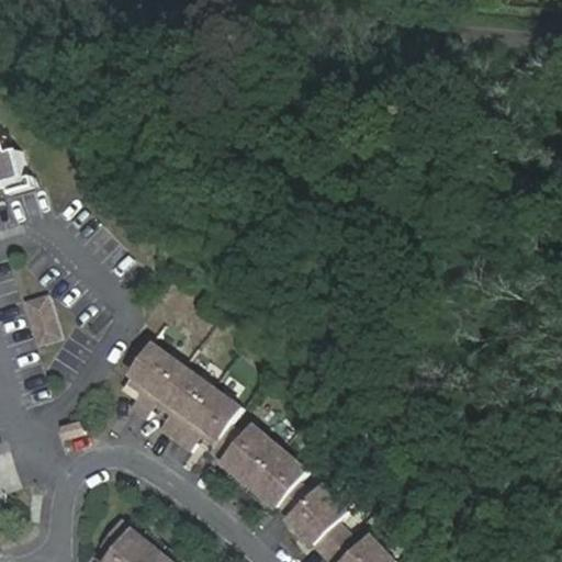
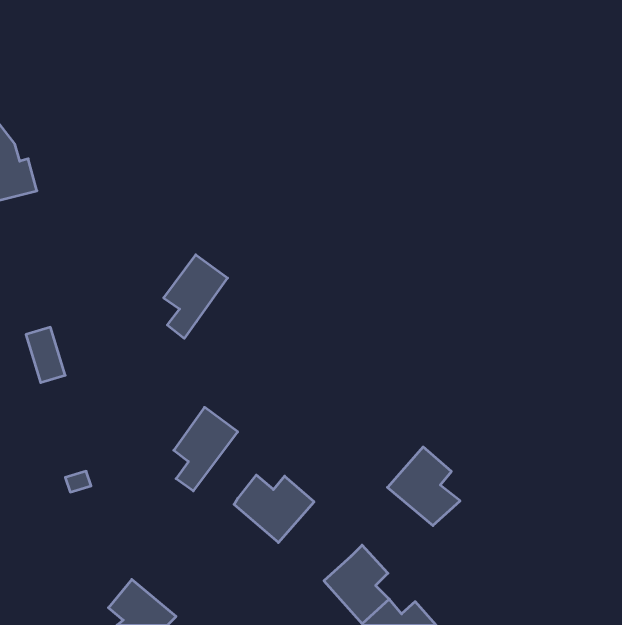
building: [125,342,182,417] -> [164,255,228,338]
building: [172,385,240,449] -> none
building: [248,448,313,518] -> [387,447,460,526]

